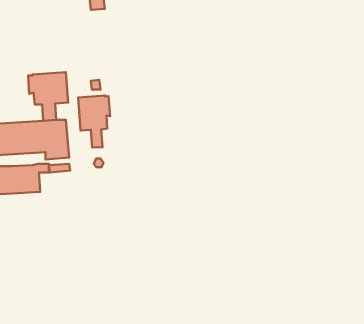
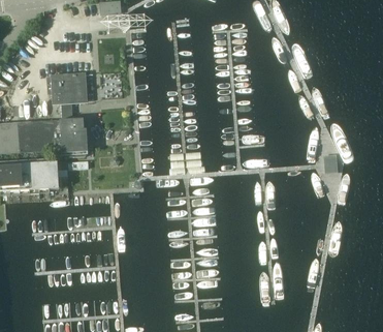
building: [78,95,110,148] -> none

